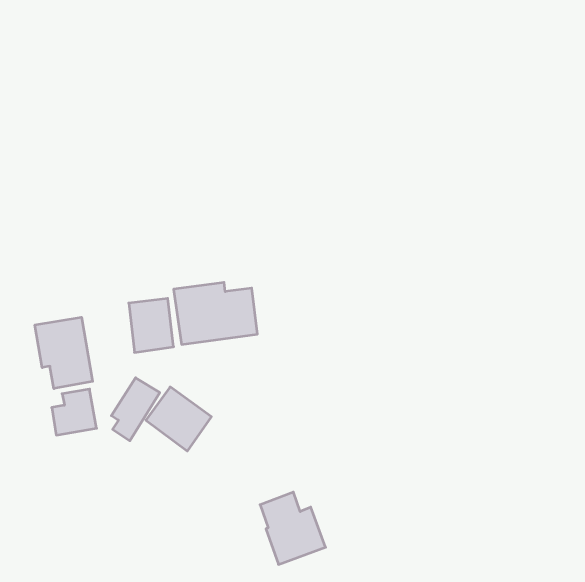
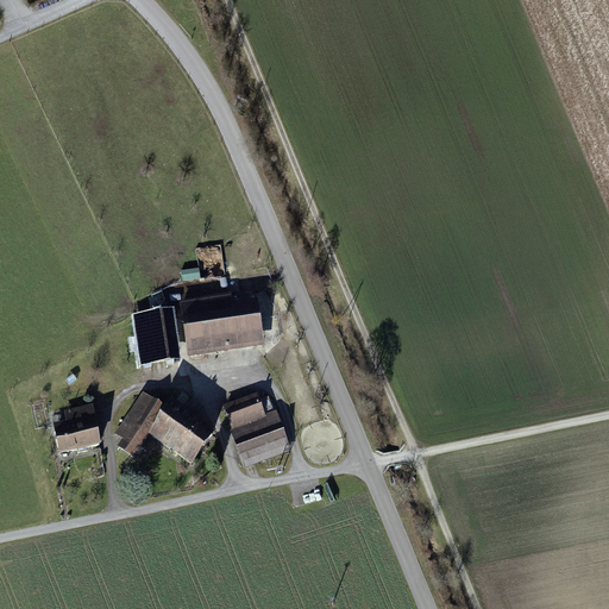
building: [35,317,93,389] -> none
building: [260,492,326,564] -> [224,393,291,467]

